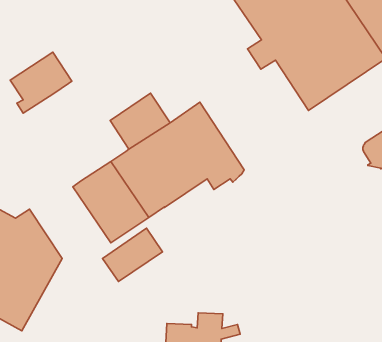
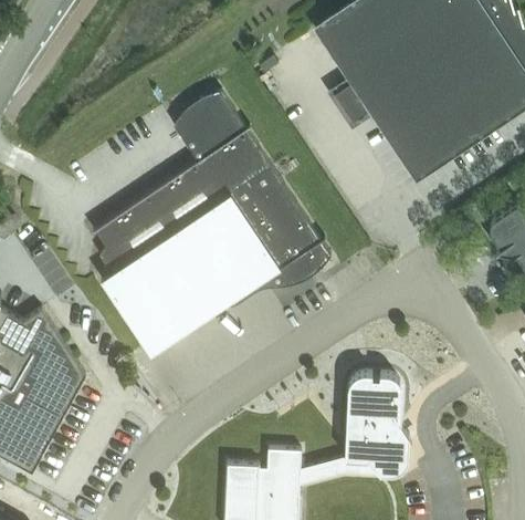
building: none -> [180,94,270,195]
building: [10,52,72,113] -> [92,191,175,273]
building: [103,228,162,281] -> none
building: none -> [321,375,408,479]

